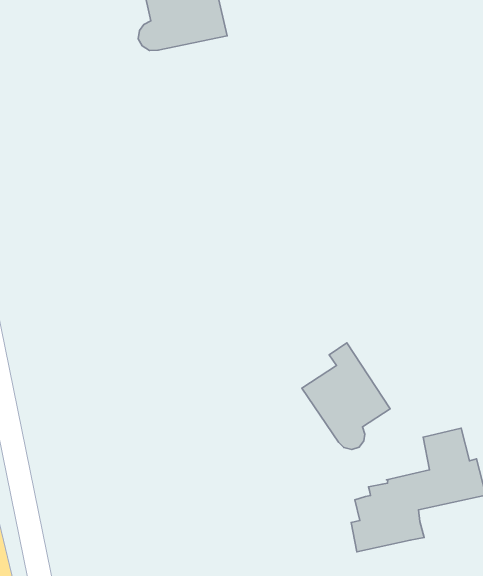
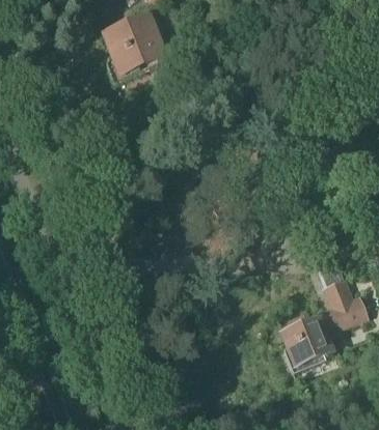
building: [302,343,390,450] -> none

